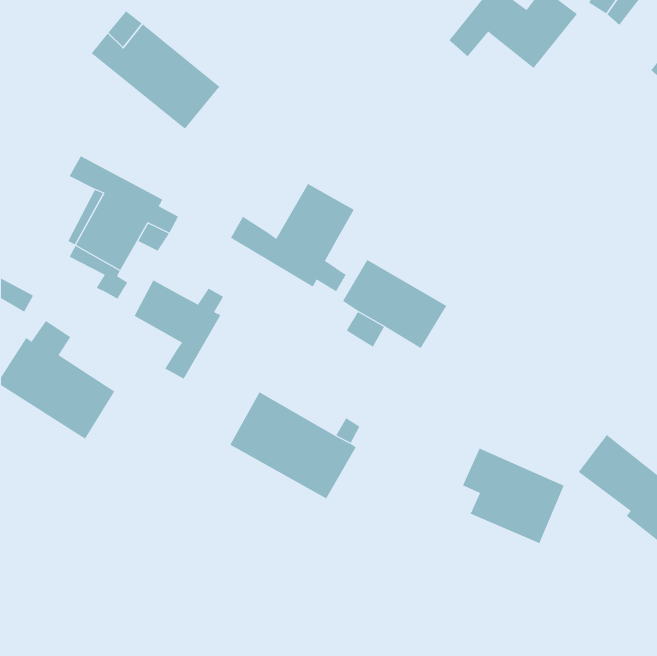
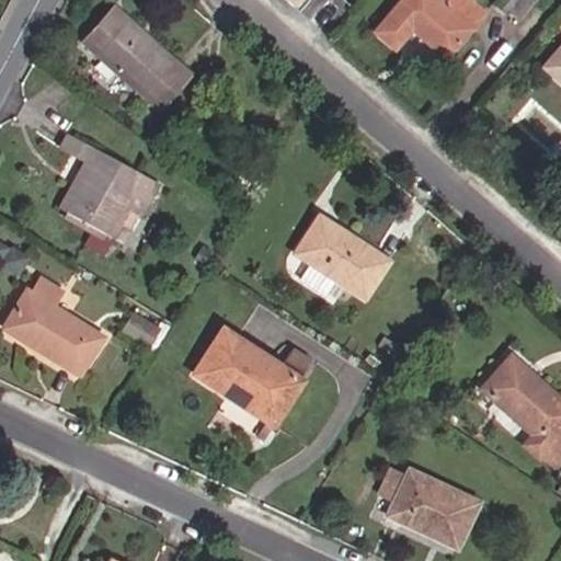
building: [230,183,355,292] -> none
building: [134,280,224,379] -> none
building: [462,448,565,544] -> [382,465,469,546]

